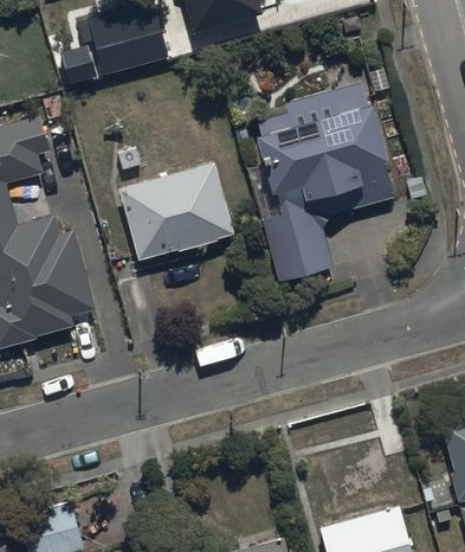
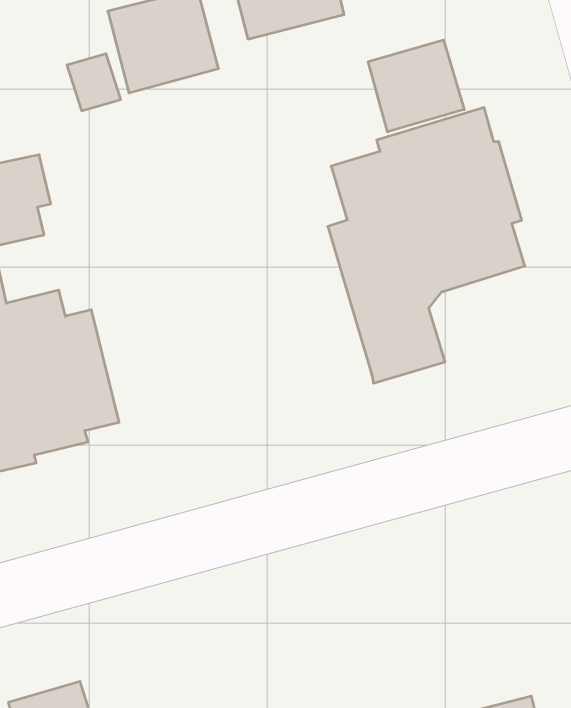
building: none -> [368,40,464,132]
building: [121,163,237,262] -> none

